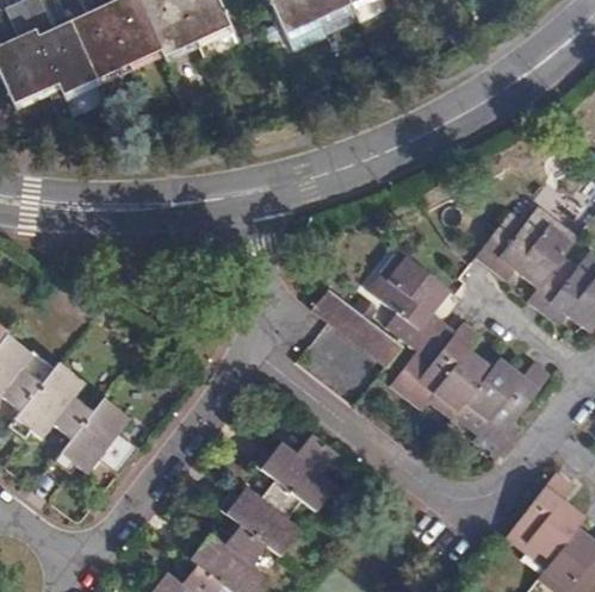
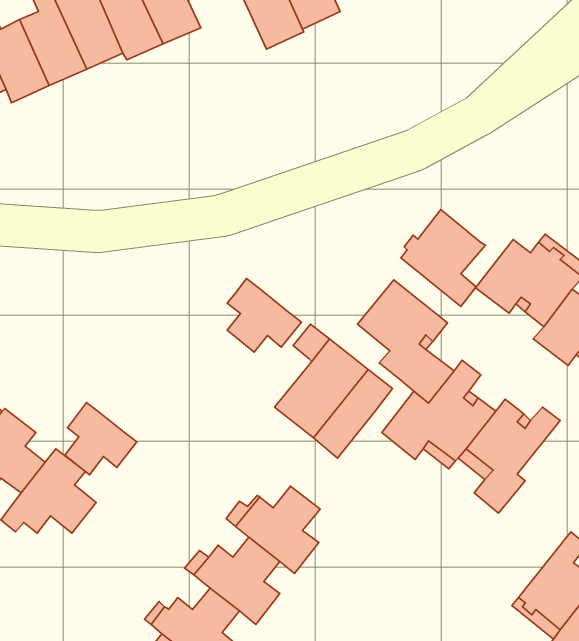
building: none -> [401,210,485,307]
building: none -> [227,278,302,352]
building: none -> [65,403,137,475]

